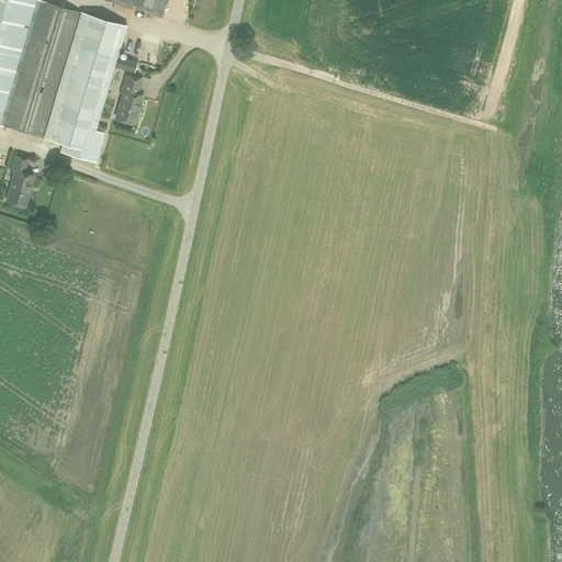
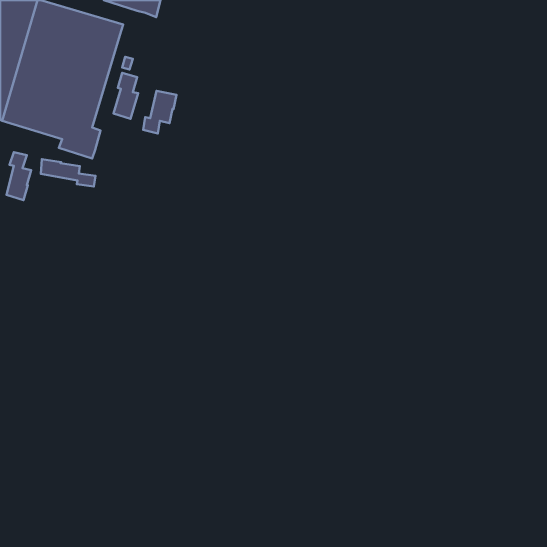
building: none -> [143,91,176,134]
building: none -> [41,159,95,186]

